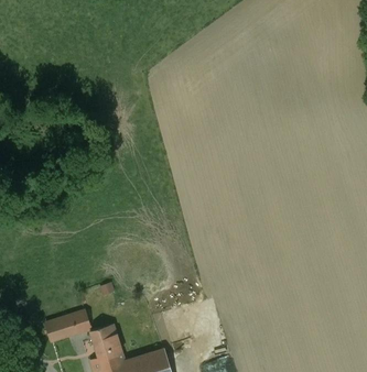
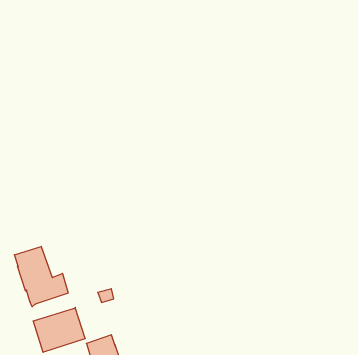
building: none -> [14,246,68,307]

